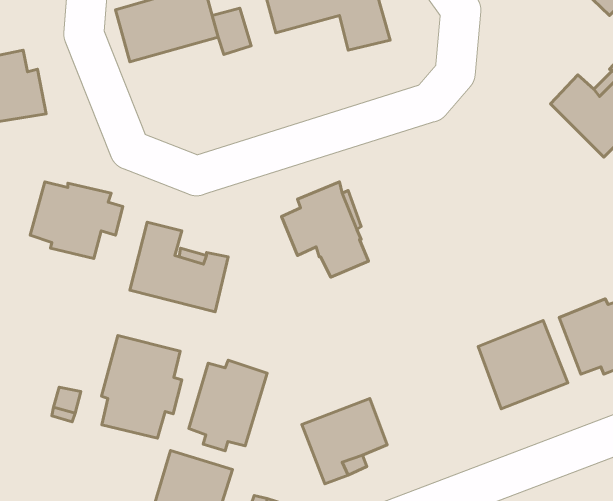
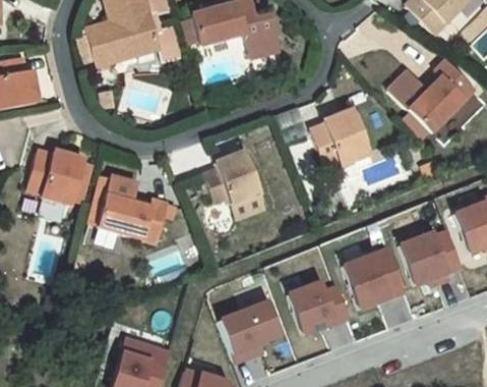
building: none -> [310,109,370,167]
building: [101,335,182,438] -> none
building: [189,360,267,451] -> none
building: none -> [289,283,350,335]

